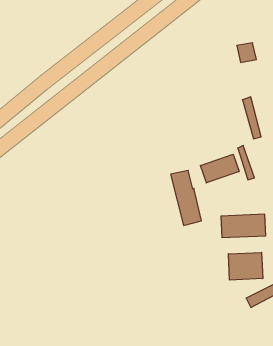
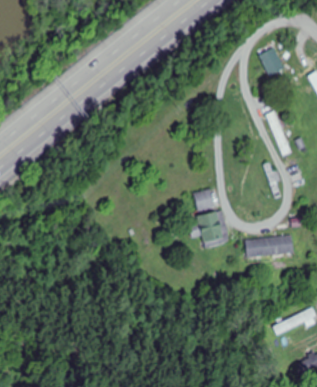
building: [200,154,239,183] -> none
building: [228,252,263,280] -> none

